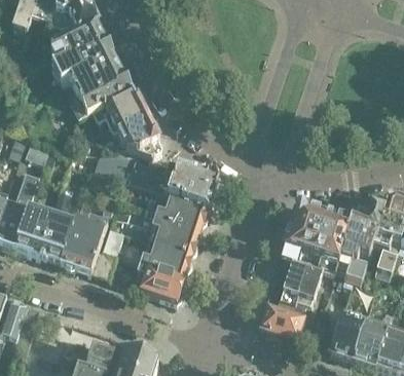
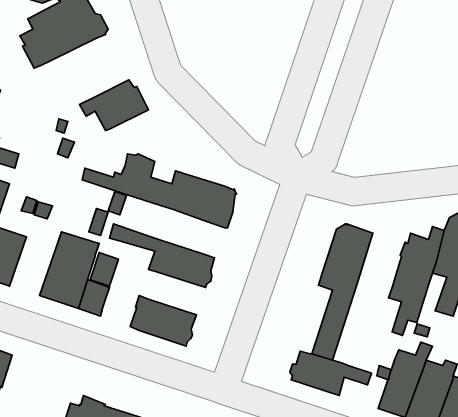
building: [69,54,133,117] -> none
building: [116,114,162,155] -> none
building: [149,190,208,231] -> none
building: [37,209,76,261] -> none
building: [293,212,351,314] -> none
building: [140,240,192,276] -> none

